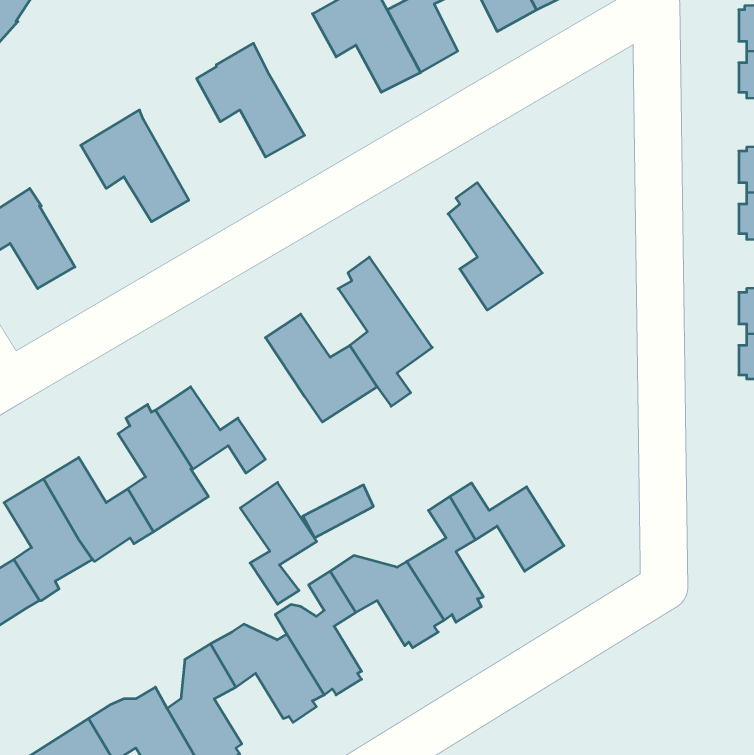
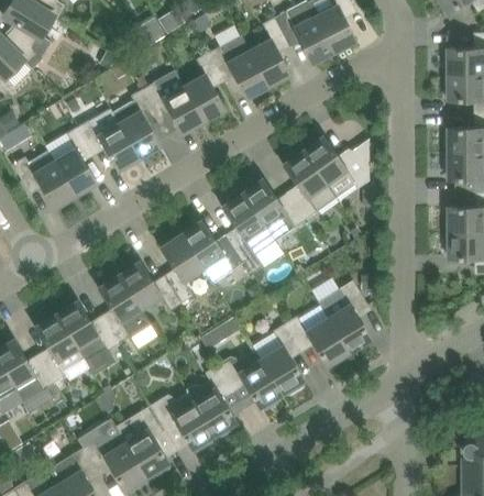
building: none -> [184,54,224,122]
building: none -> [113,90,160,158]
building: none -> [55,128,96,196]
building: none -> [300,137,369,199]
building: none -> [240,180,306,241]
building: none -> [319,283,371,352]
building: [240,482,317,604] -> [161,235,204,304]

